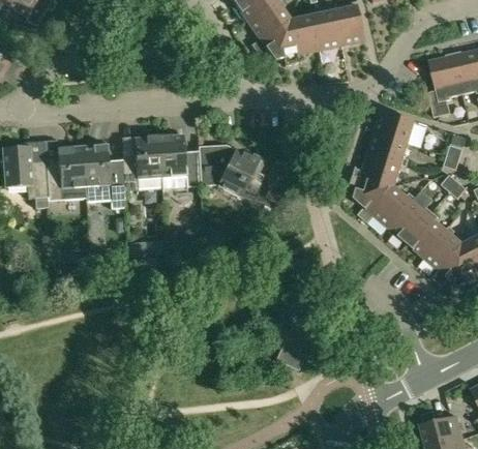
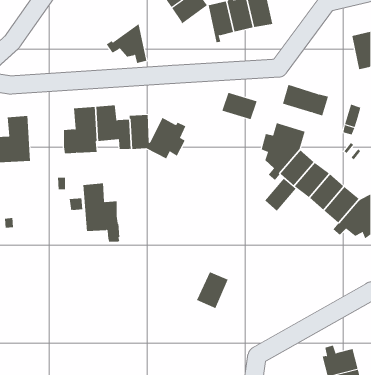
building: [250,18,298,64] -> [106,23,147,63]
building: [428,53,462,115] -> none
building: [367,131,409,163] -> [222,92,258,120]
building: [82,143,125,211] -> [82,183,120,242]
building: none -> [265,178,296,212]

